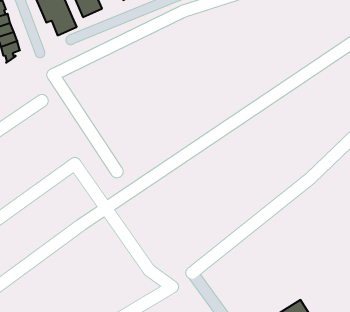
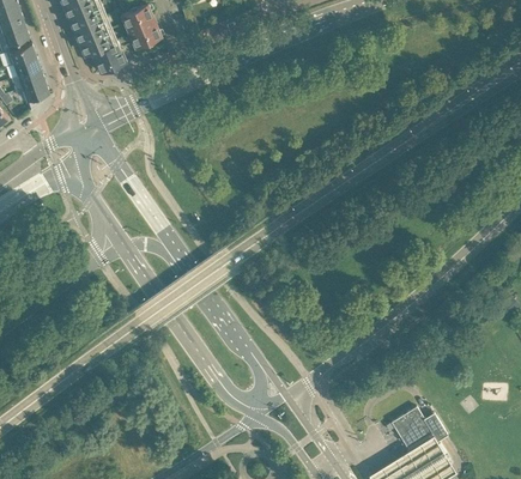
building: none -> [392,407,447,447]

